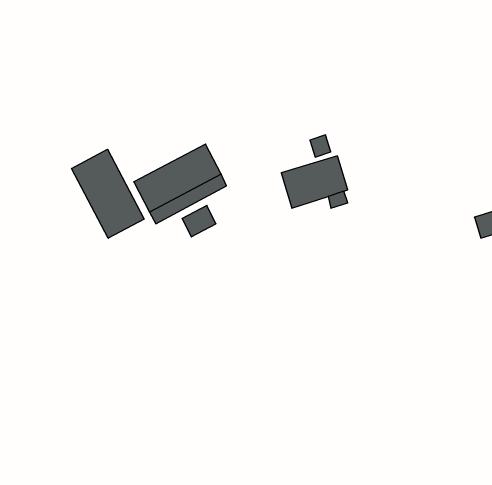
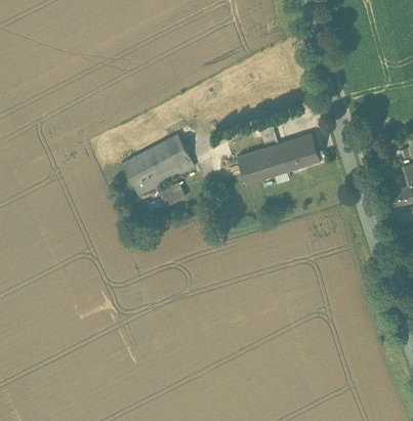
building: none -> [281,134,319,170]
building: [72,149,144,238] -> none

